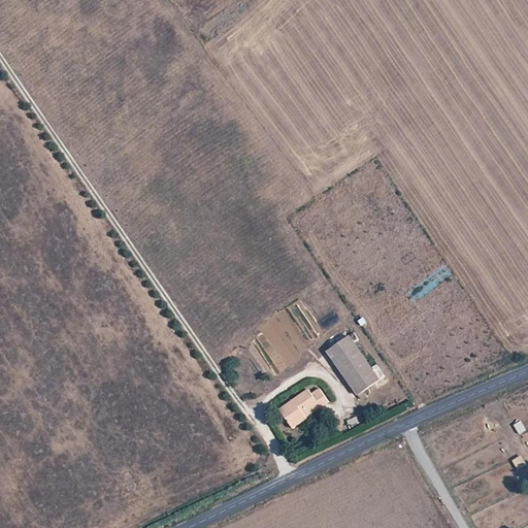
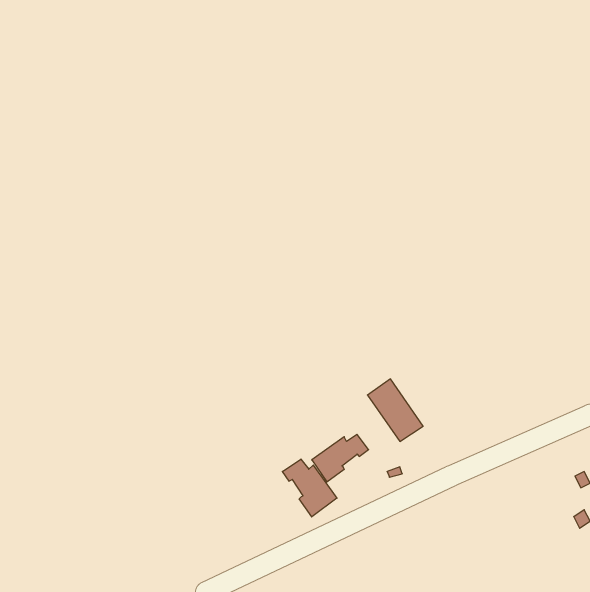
building: none -> [282,459,337,517]

